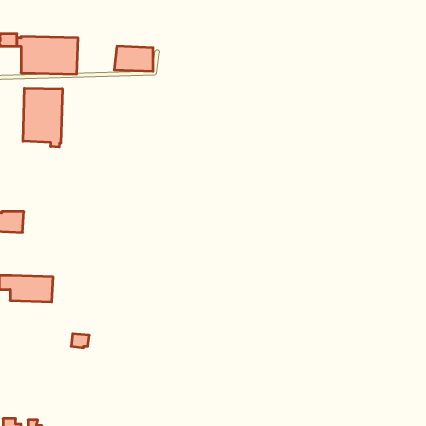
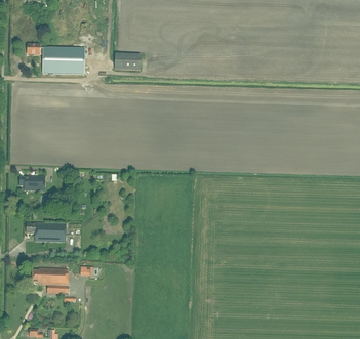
building: [23,88,62,147] -> none
building: none -> [32,267,69,293]

